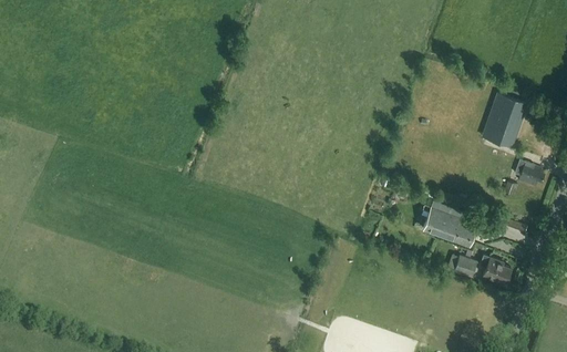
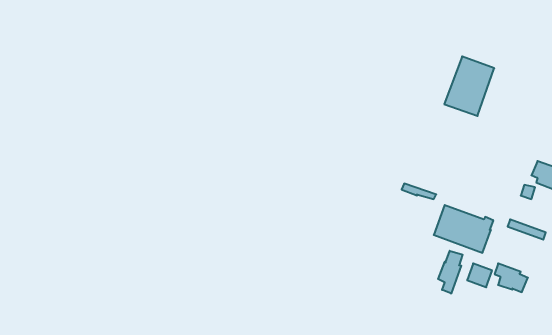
building: [481,93,527,148] -> [444,56,494,116]
building: none -> [438,251,463,294]

